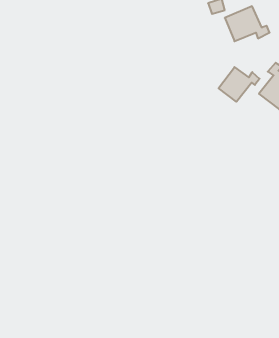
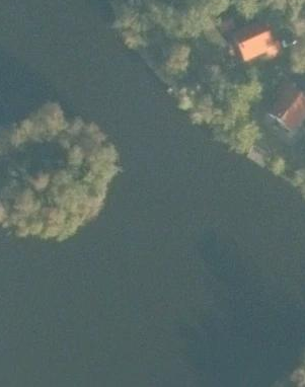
building: [219,67,260,102] -> none

